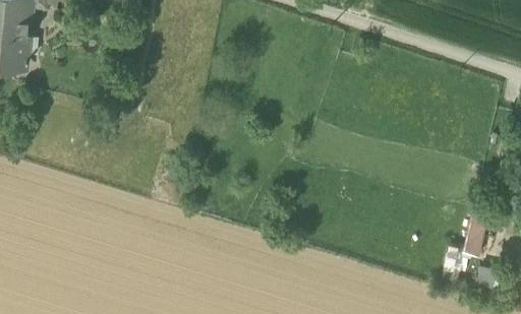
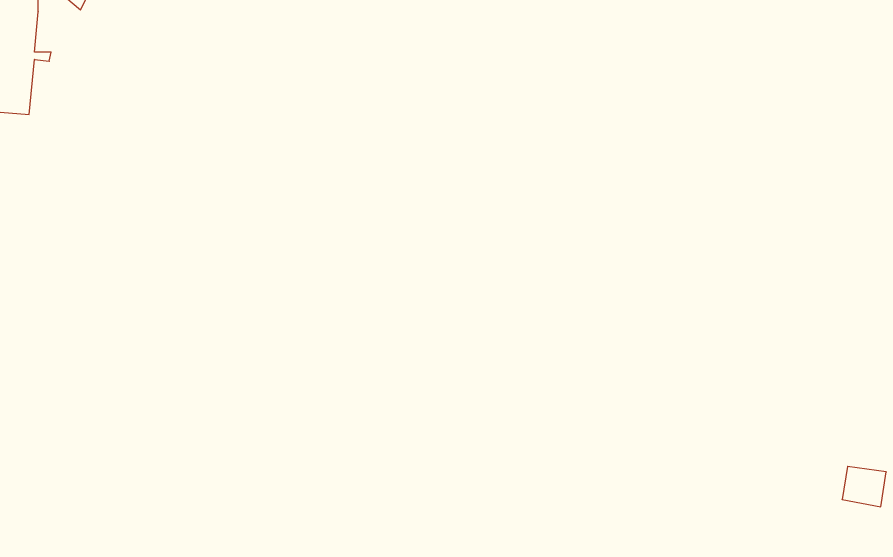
building: [465,209,486,253] -> none

